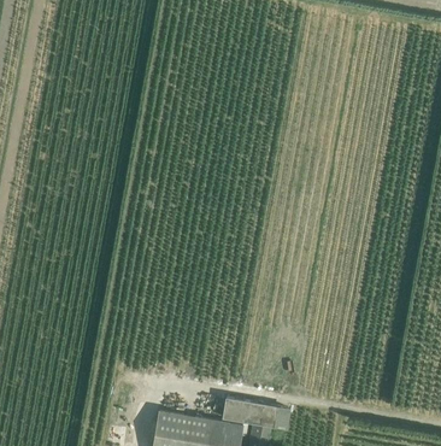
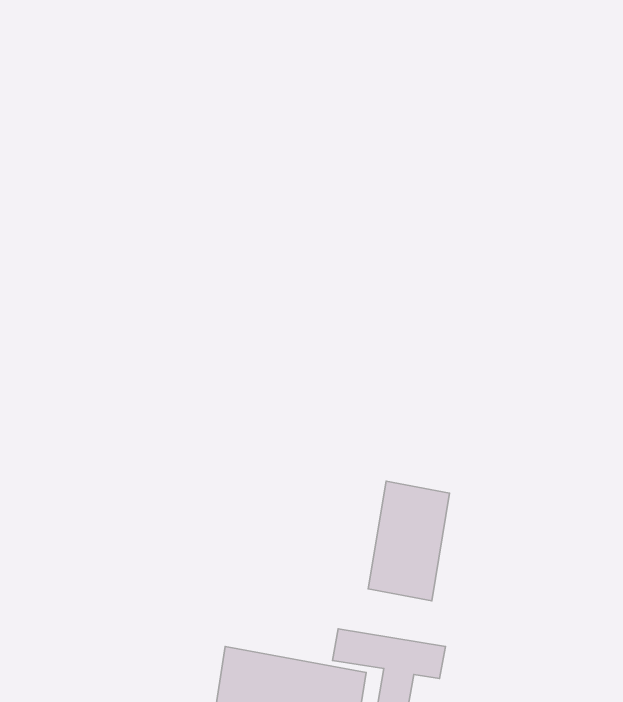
building: none -> [368,481,450,601]

